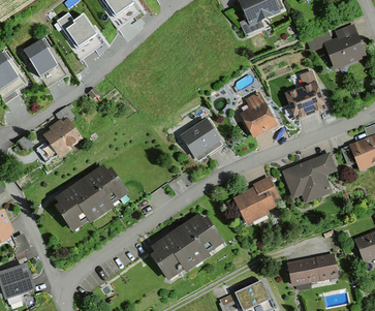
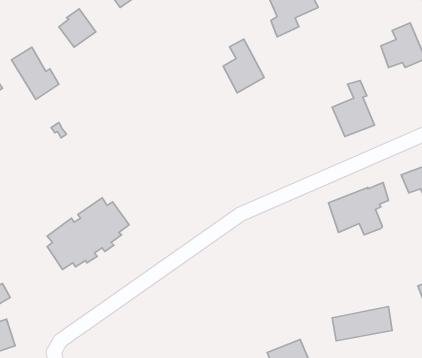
building: [241,92,274,135] -> [223,39,264,93]
building: [45,119,79,155] -> none
building: [183,121,219,153] -> none
building: [235,178,276,219] -> none
building: [152,215,218,274] -> none

